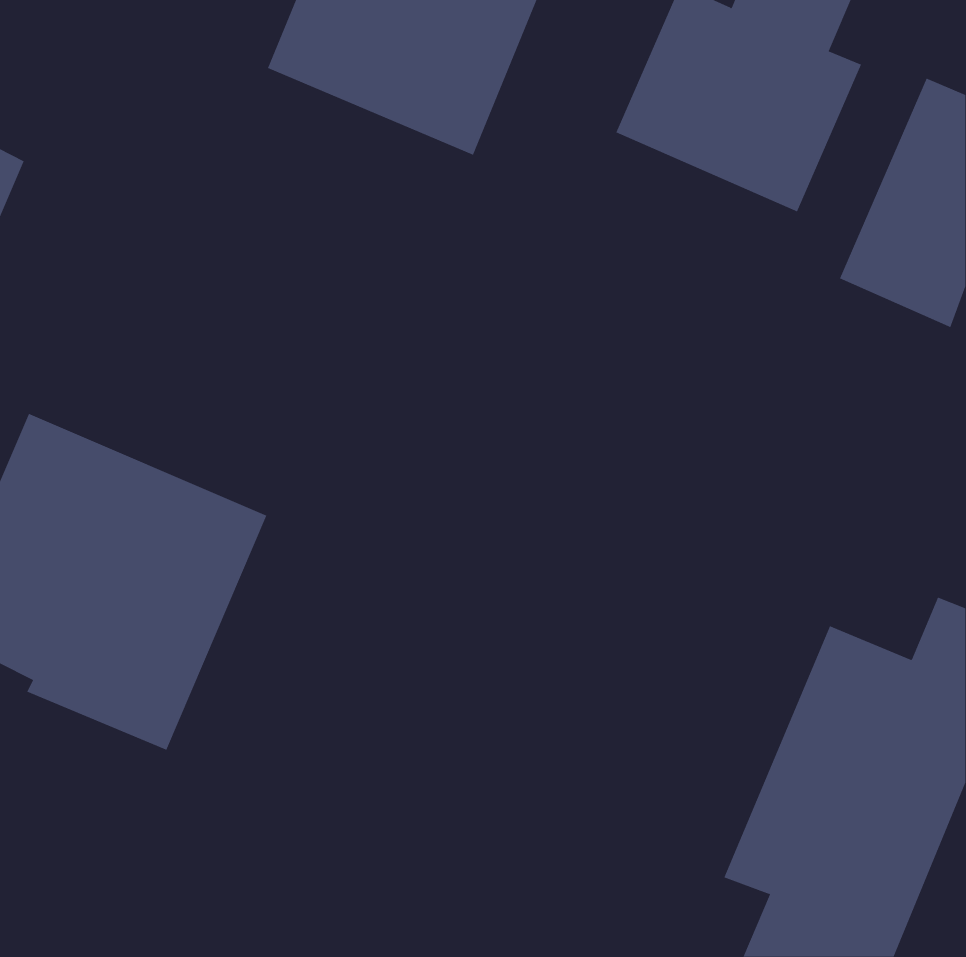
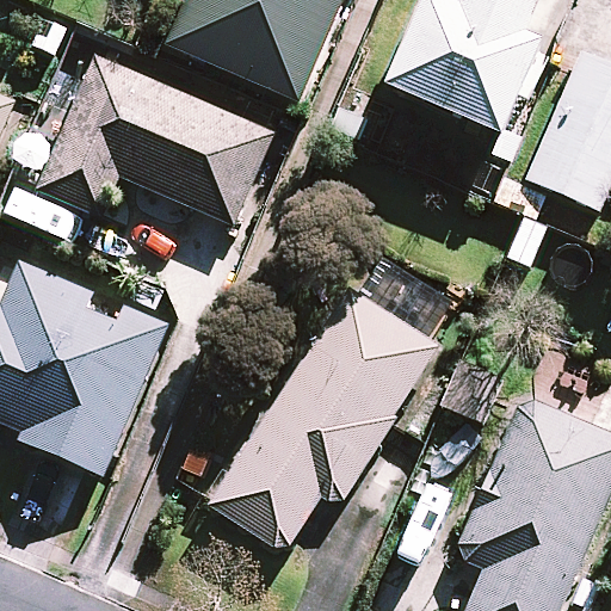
building: none -> [38,55,272,222]
building: none -> [211,288,438,549]

